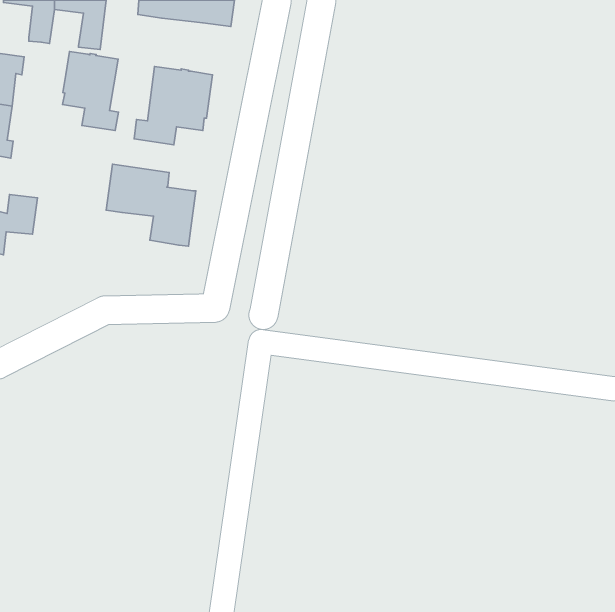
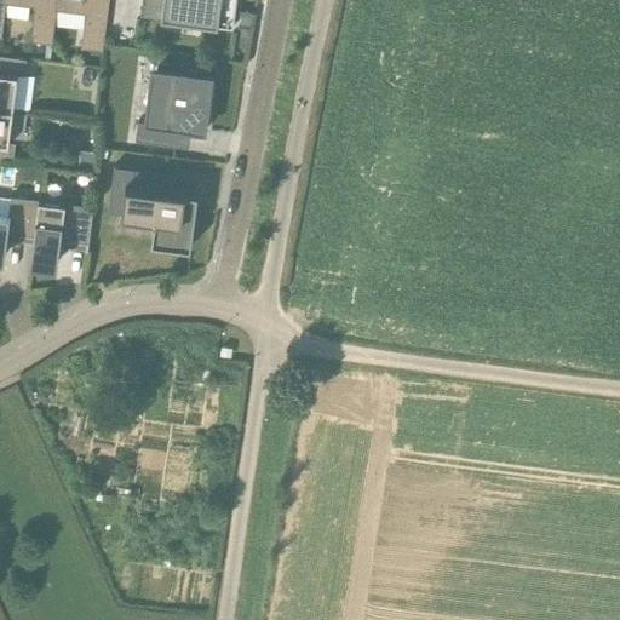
building: [63,52,118,130] -> none
building: none -> [29,203,92,268]

